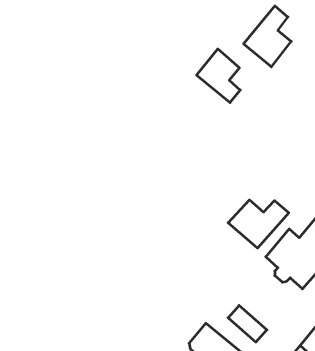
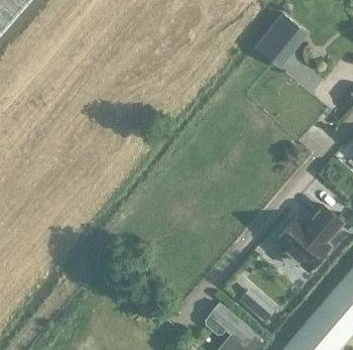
building: [197,49,240,103] -> none
building: [228,200,289,248] -> none

